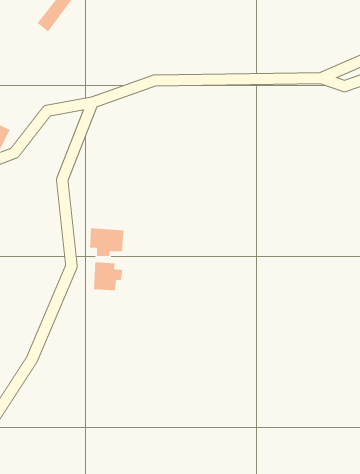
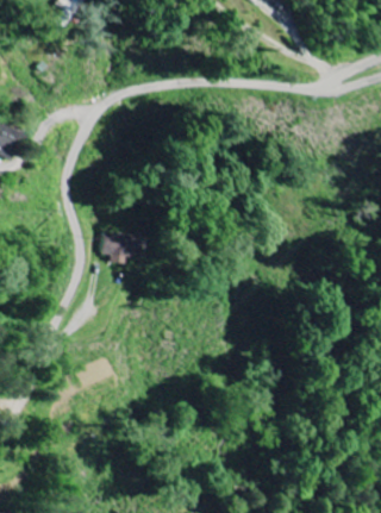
building: [93,262,123,291] -> none

